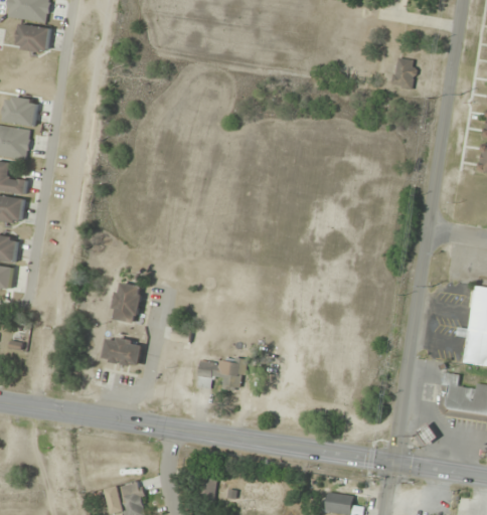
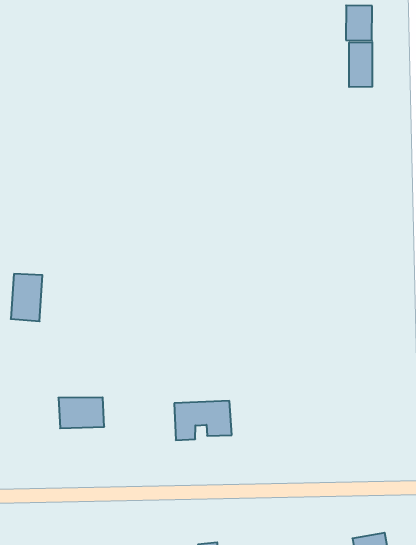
building: none -> [349,42,372,87]
building: [111,282,143,324] -> [11,274,42,321]

